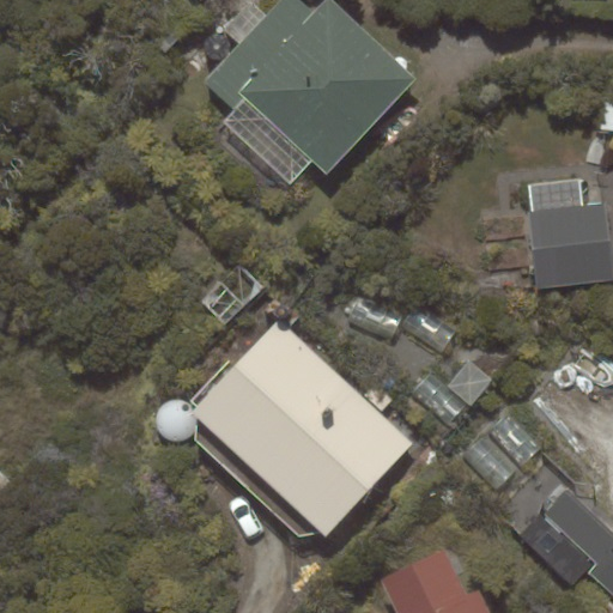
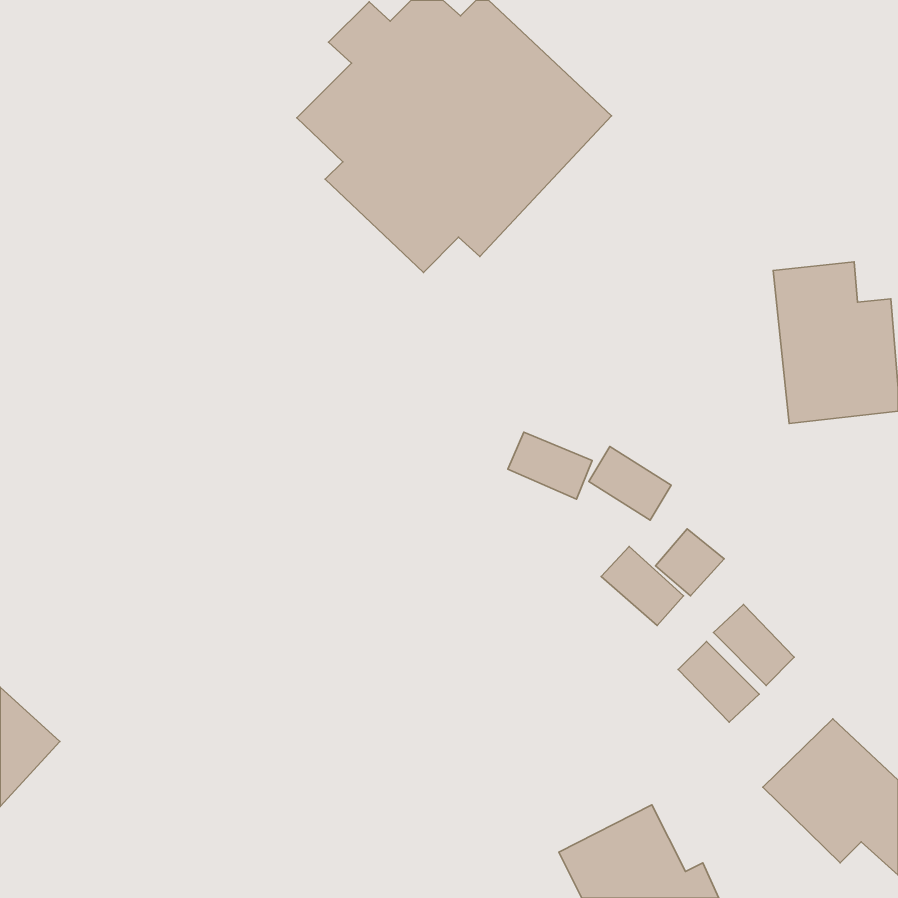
building: [189,318,414,536] -> none

